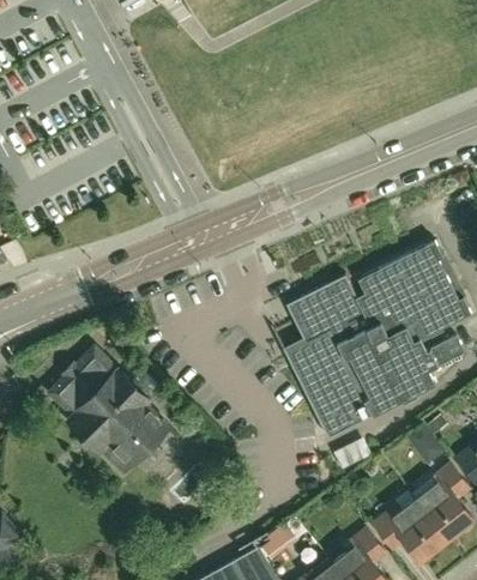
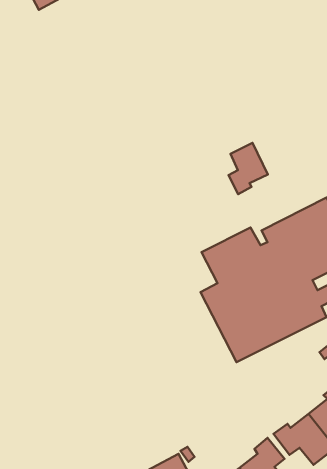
building: none -> [228,143,268,194]
building: [50,349,169,472] -> none

